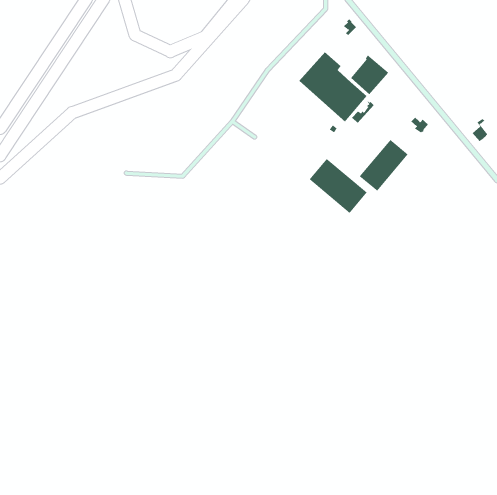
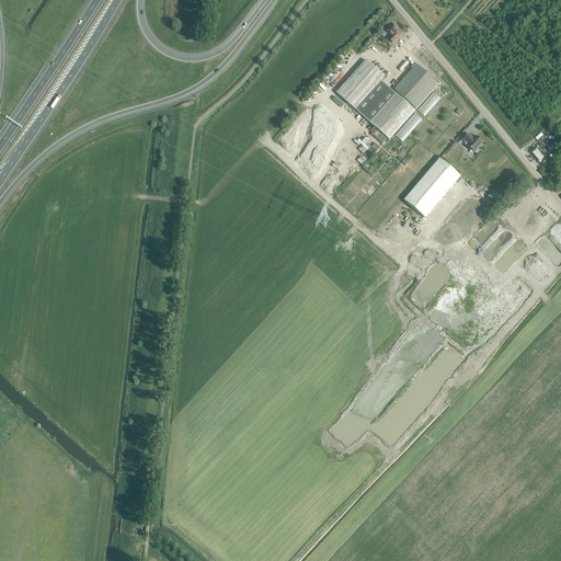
building: [309,158,367,214] -> none

